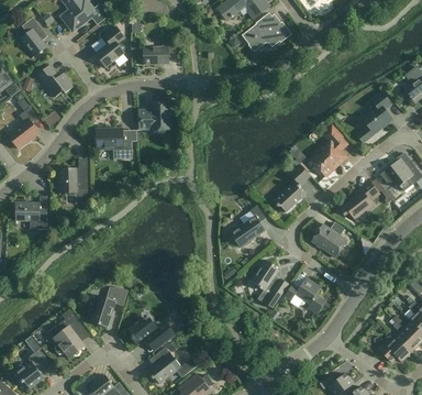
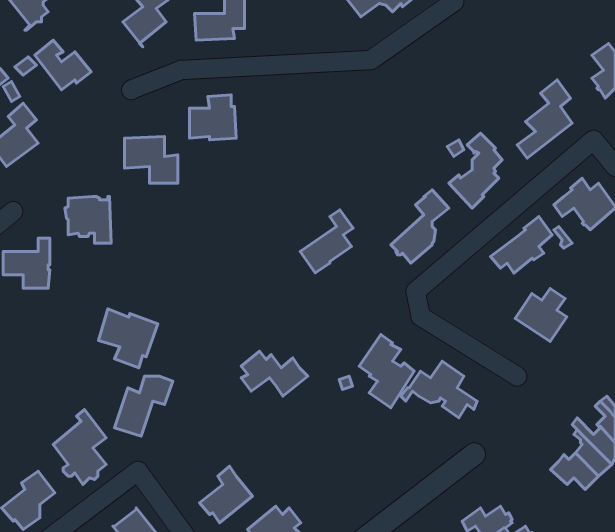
building: [231,205,266,246] -> [300,210,353,273]
building: [312,220,346,255] -> [515,288,567,342]
building: none -> [98,309,158,368]
building: [131,317,175,347] -> [241,351,308,396]

